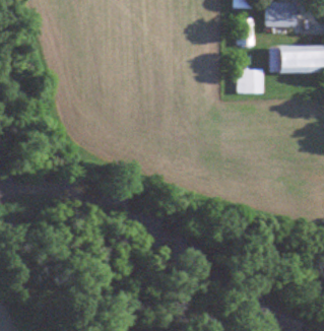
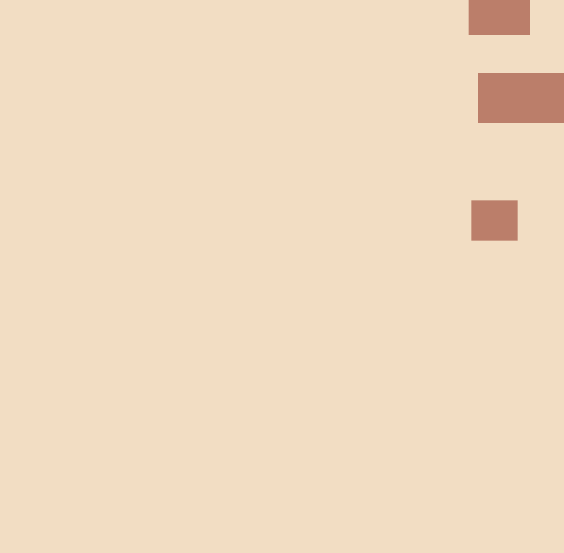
building: [237,69,262,91] -> [471,199,518,242]

